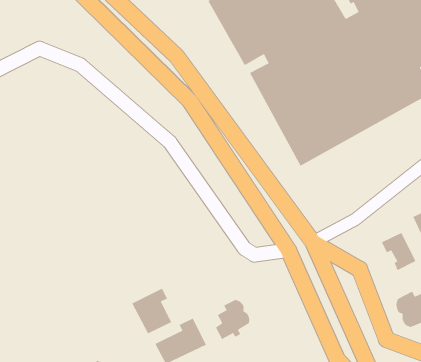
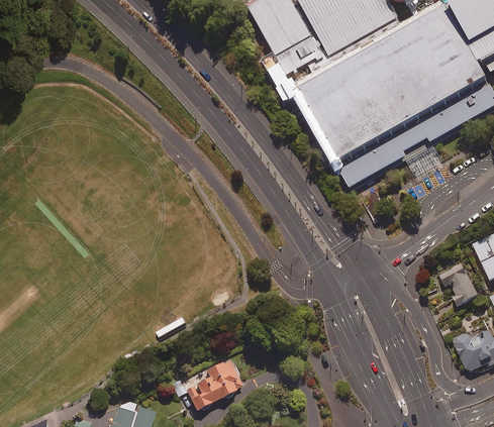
building: [131,288,172,334] -> none
building: [215,299,250,340] -> none

